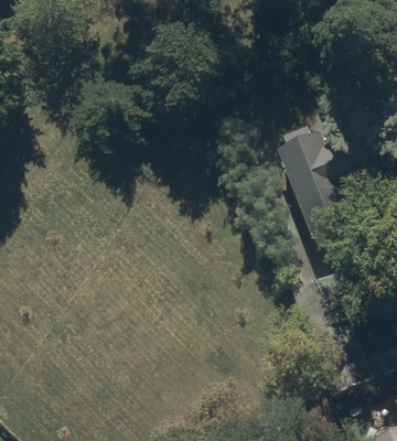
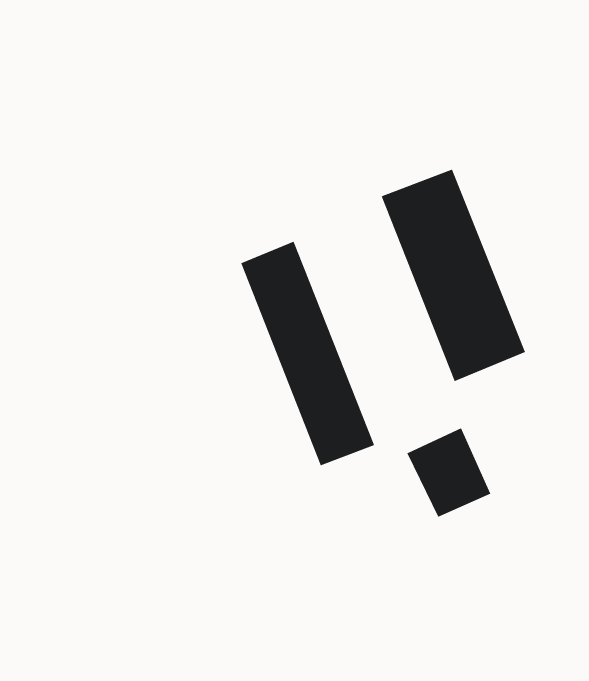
building: none -> [241,241,375,466]

